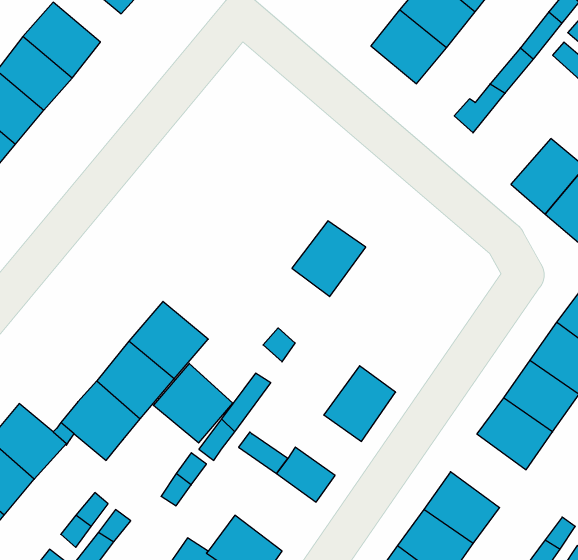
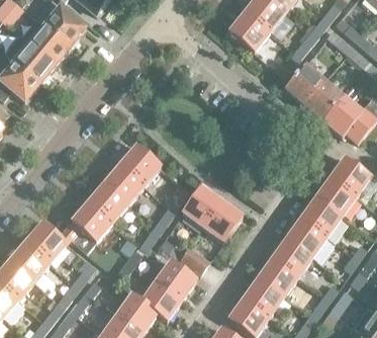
building: none -> [285,64,325,104]
building: [292,221,366,297] -> [184,187,223,228]
building: [153,363,233,443] -> [118,145,161,187]
building: none -> [272,238,312,277]
building: none -> [157,261,197,301]

